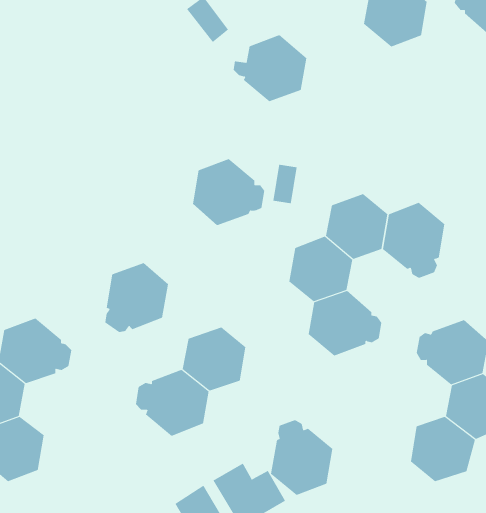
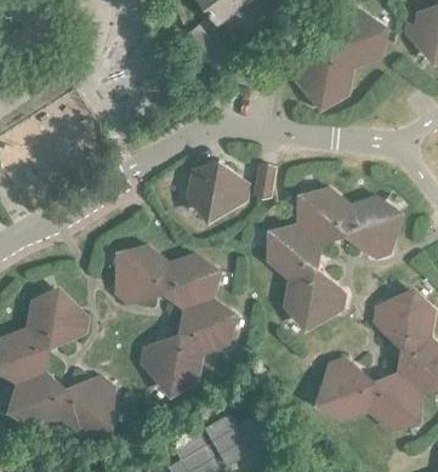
building: [233,35,307,102] -> [291,49,353,104]
building: none -> [164,255,216,309]
building: [270,420,333,496] -> [322,358,374,421]
building: none -> [61,377,114,436]

